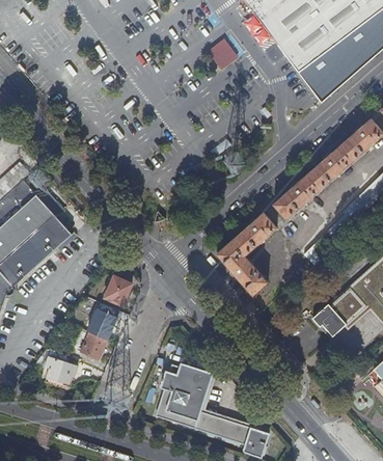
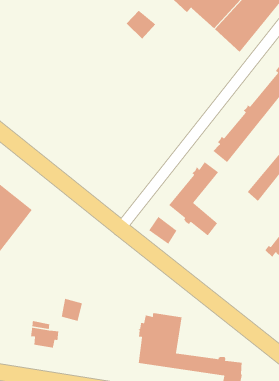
building: none -> [148,216,178,245]
building: [105,276,132,305] -> none
building: [88,308,118,341] -> none

